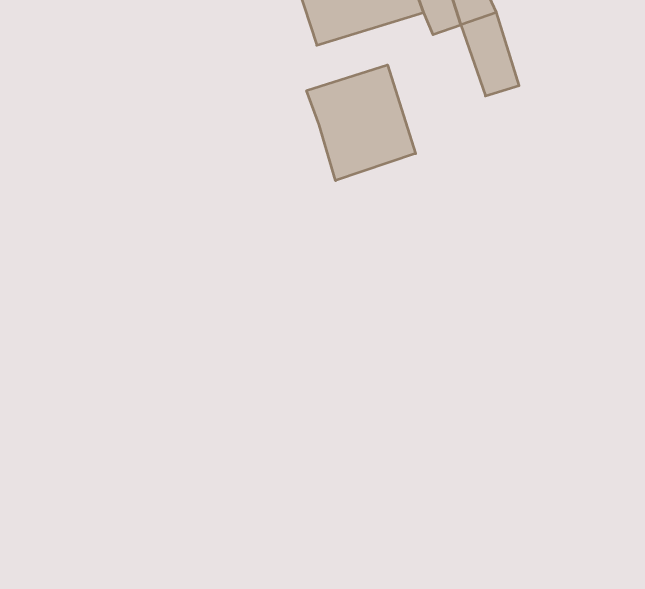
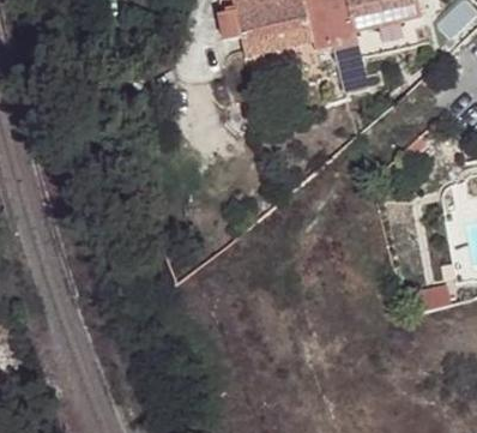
building: [307,65,416,181] -> none

